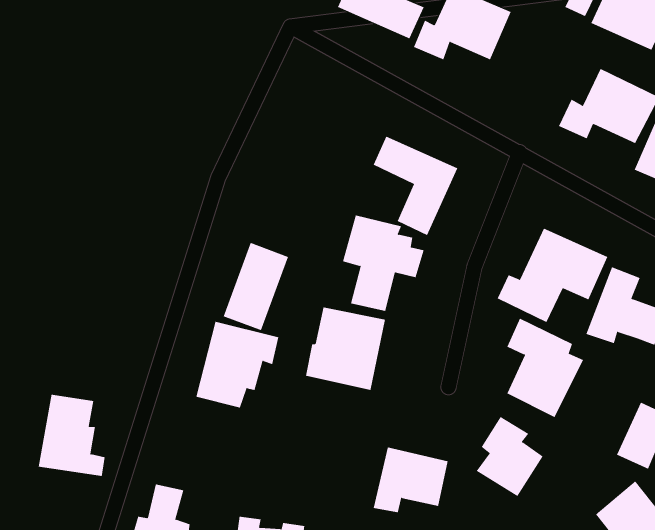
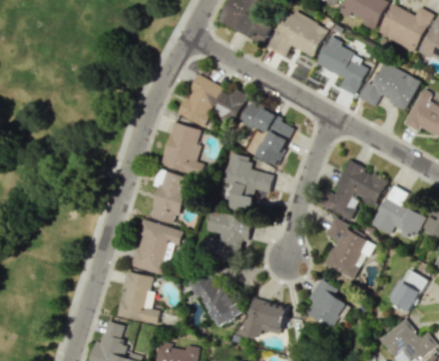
building: none -> [316,38,367,94]
building: none -> [177,74,247,126]
building: none -> [160,120,203,176]
building: [38,394,106,476] -> [118,271,160,322]
building: none -> [188,272,244,326]

